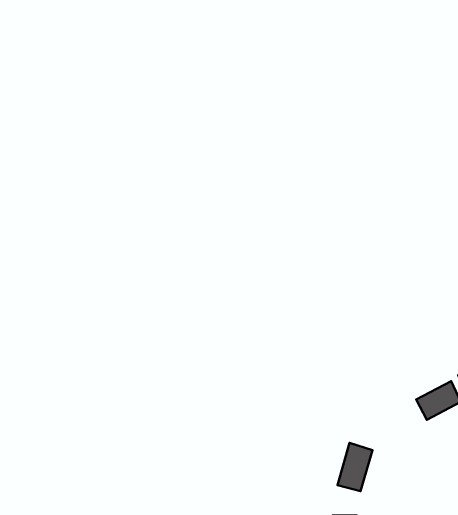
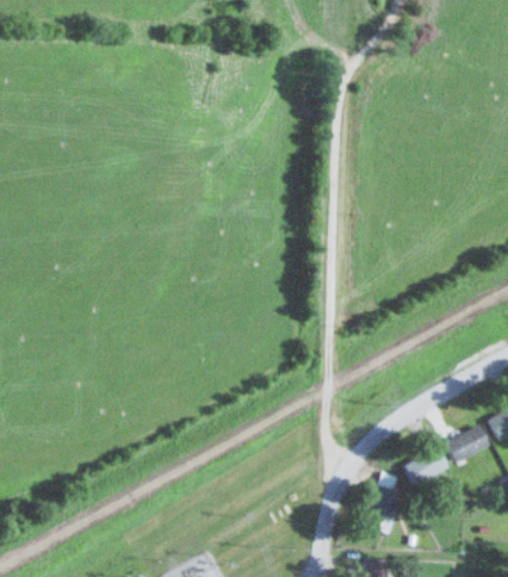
building: none -> [405,449,448,486]

